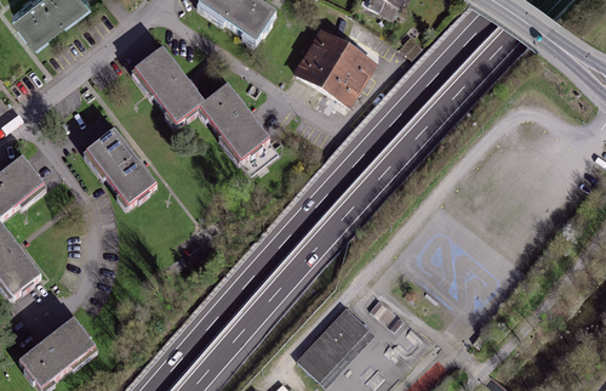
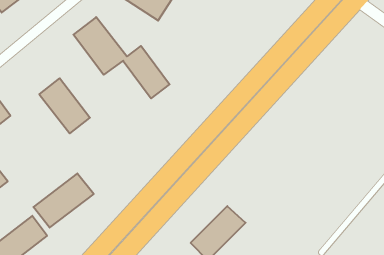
building: [290,34,377,117] -> none
building: none -> [33,173,94,228]

